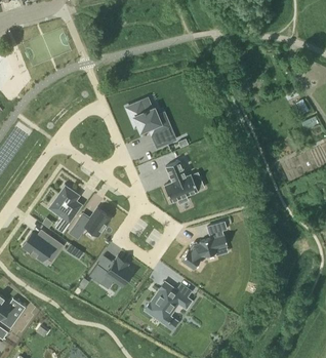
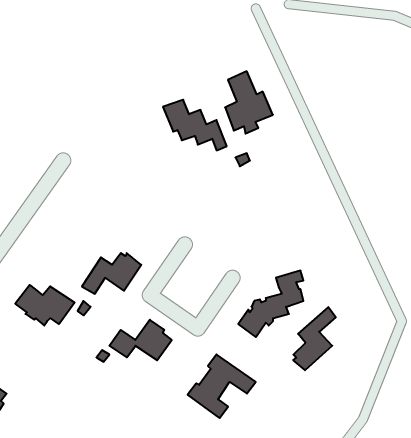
building: [164,160,198,204] -> [225,71,273,134]
building: [48,184,81,231] -> none
building: none -> [293,307,336,370]

